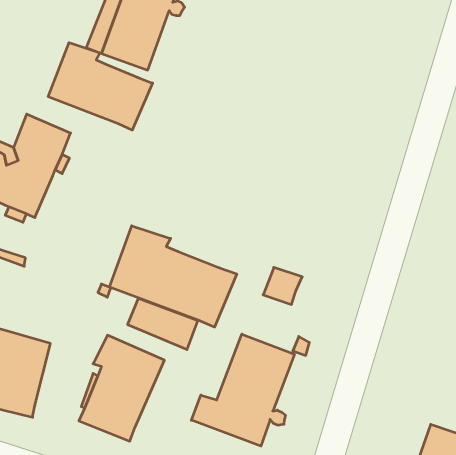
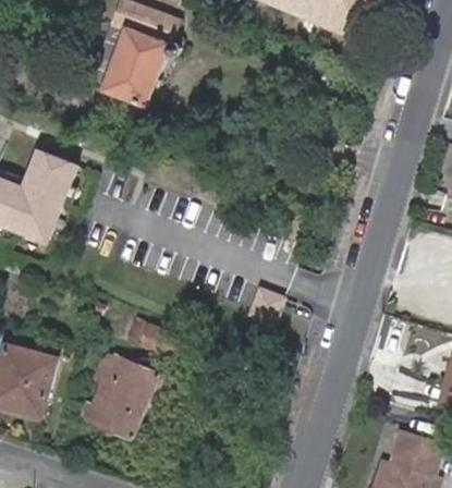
building: [48,43,153,130] -> none
building: [109,226,237,327] -> none
building: [191,334,294,446] -> none

